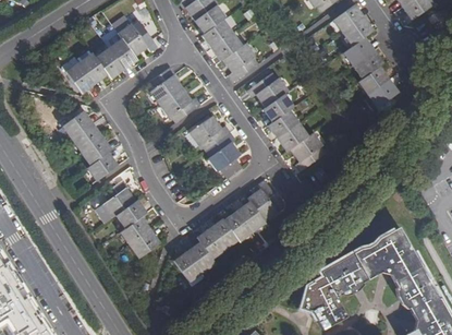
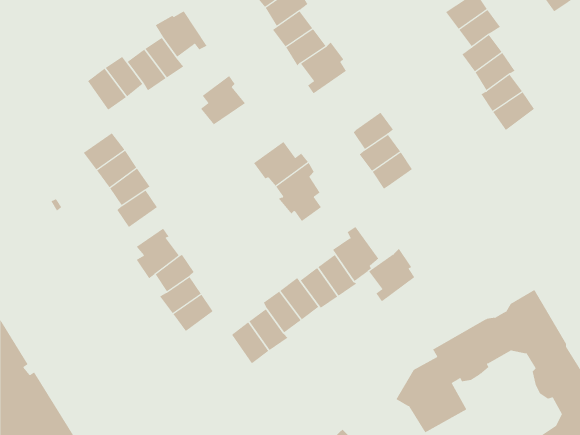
building: [245,72,286,107] -> none
building: [159,87,199,122] -> none
building: [289,132,323,172] -> [368,248,415,302]

